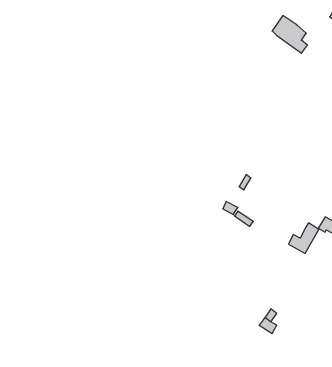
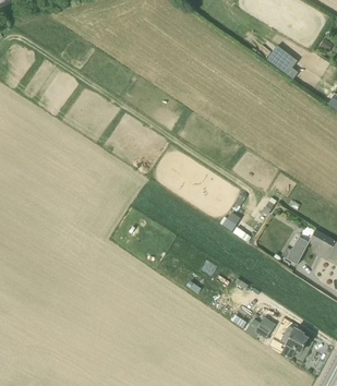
building: none -> [279,328,305,358]

